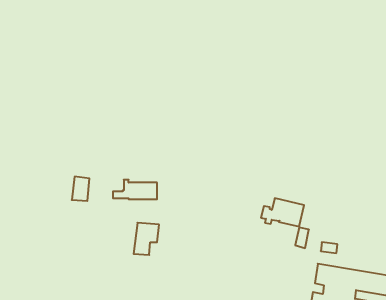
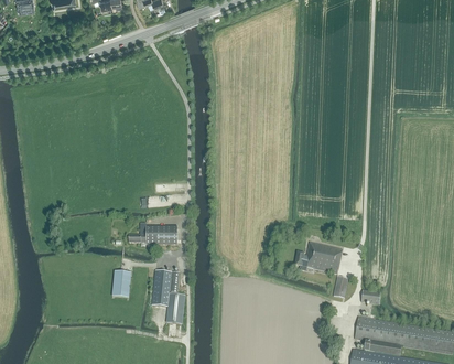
building: [72,177,89,201] -> [111,270,131,298]
building: none -> [166,292,185,325]

